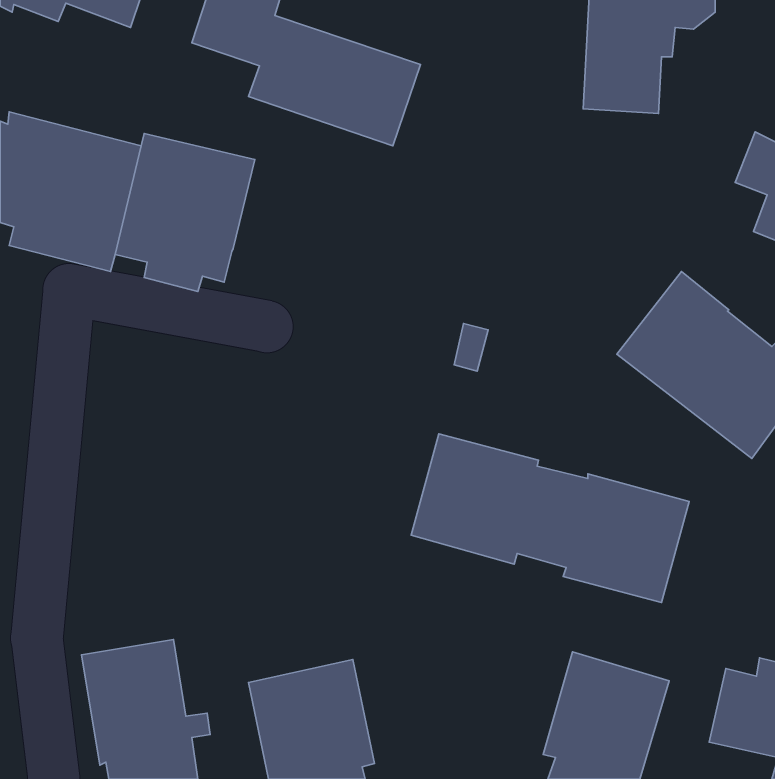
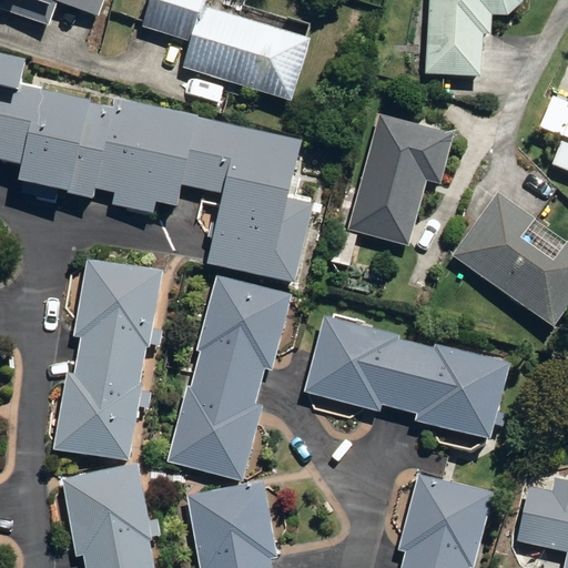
building: none -> [175,115,307,278]
building: none -> [348,116,452,247]
building: none -> [55,256,161,458]
building: none -> [169,276,291,477]

